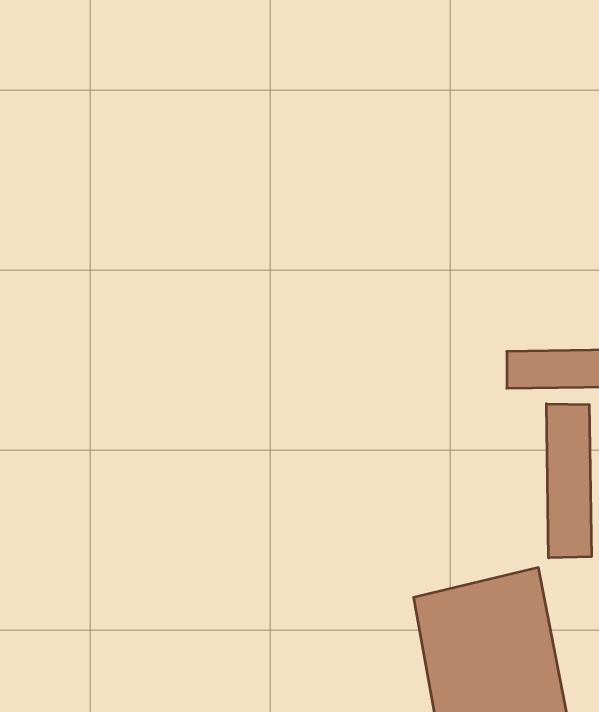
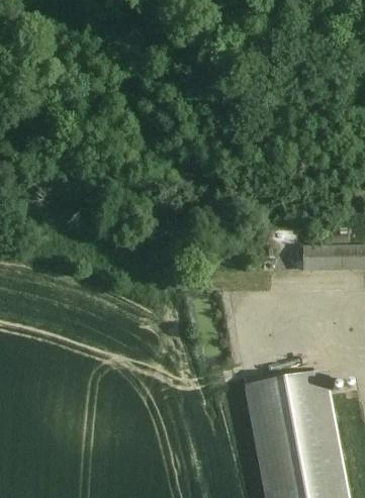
building: [546,404,591,558] -> none

